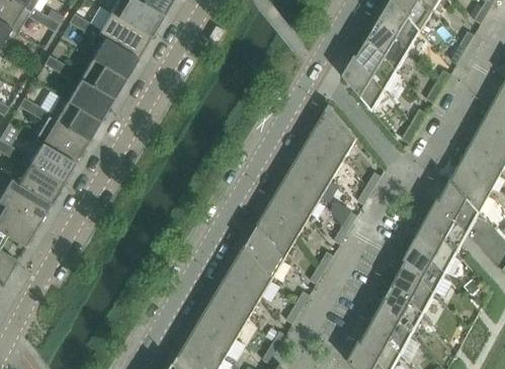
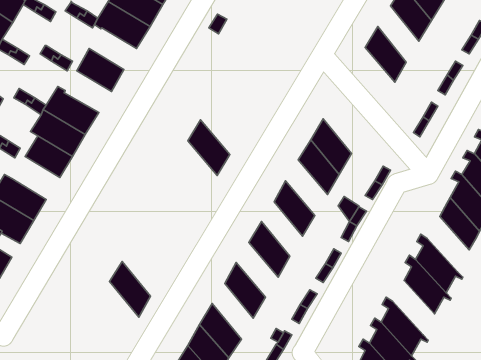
building: [368,18,408,73] -> none
building: [90,39,136,80] -> none
building: [344,59,385,112] -> none
building: [66,81,111,121] -> none
building: [316,105,356,161] -> none
building: [15,164,62,205] -> none
building: [279,167,320,220] -> [188,120,230,175]
building: [256,207,296,260] -> none
building: [416,217,461,275] -> none
building: [232,247,272,299] -> none
building: [383,279,428,336] -> none
building: [208,286,248,340] -> [110,262,150,317]

